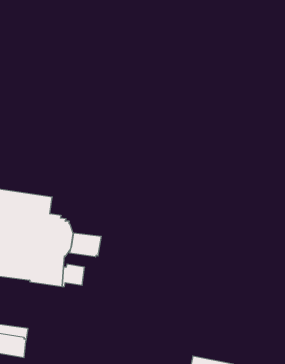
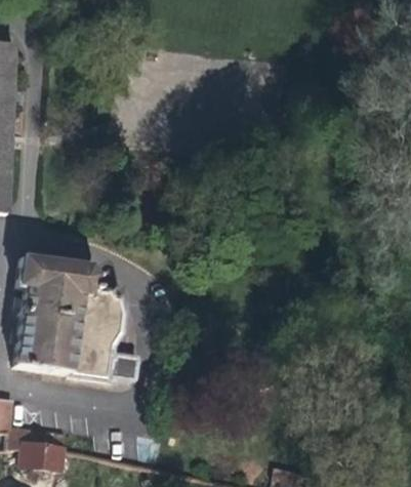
building: [70,233,101,257] -> none

